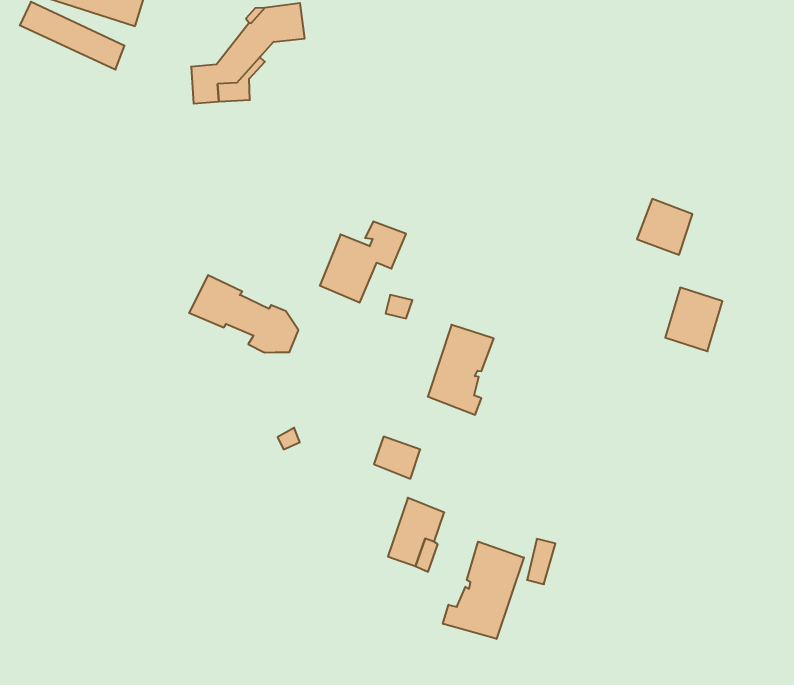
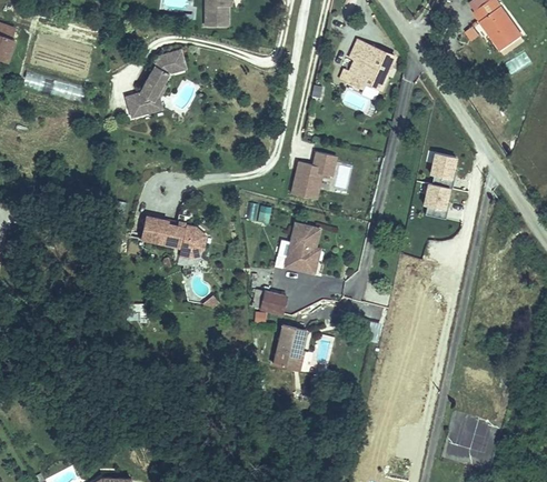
building: none -> [339,37,396,88]
building: [637,199,692,255] -> [426,152,456,182]
building: [320,222,406,303] -> [291,152,337,200]
building: [443,542,524,639] -> none

